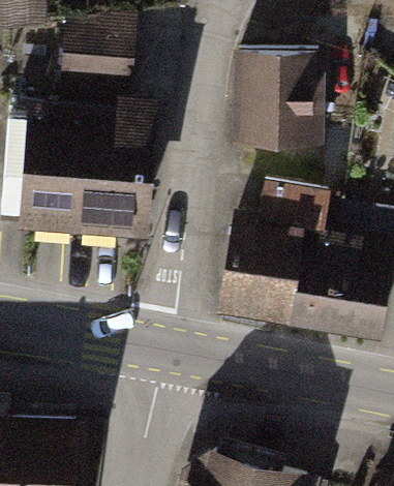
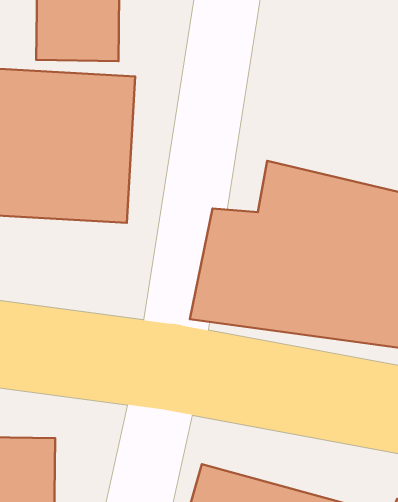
building: [245,50,331,147] -> none

